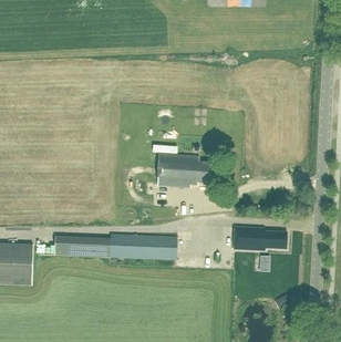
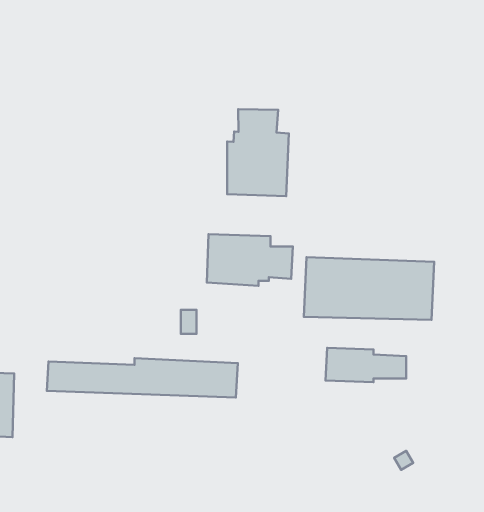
building: none -> [227,109,289,196]
building: none -> [304,257,434,320]

